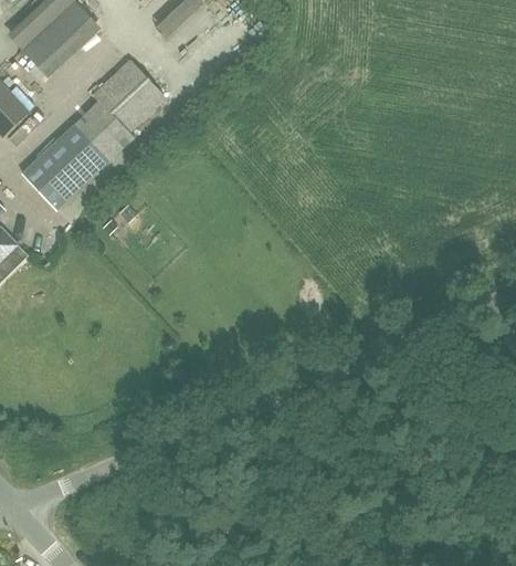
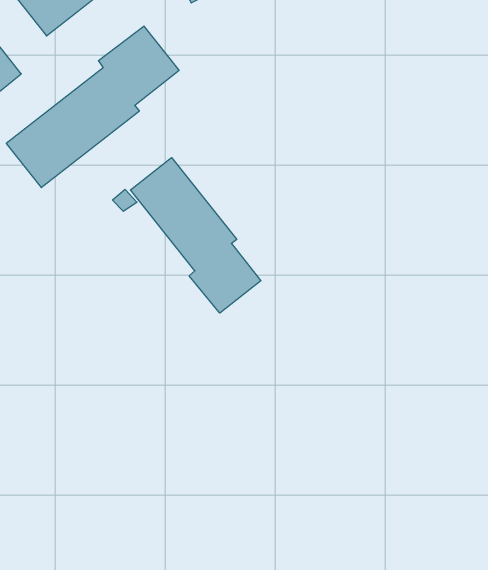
building: none -> [130,158,261,313]

